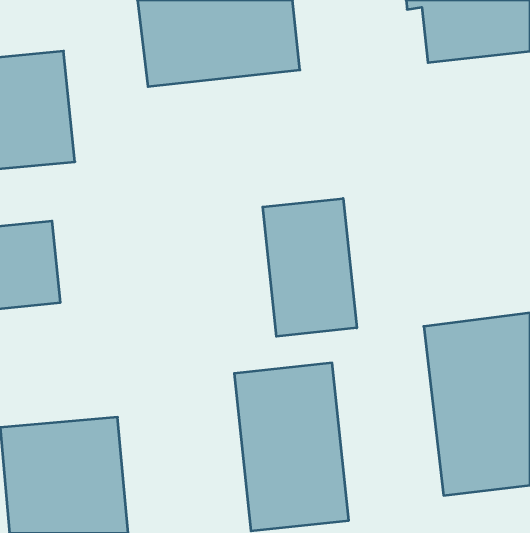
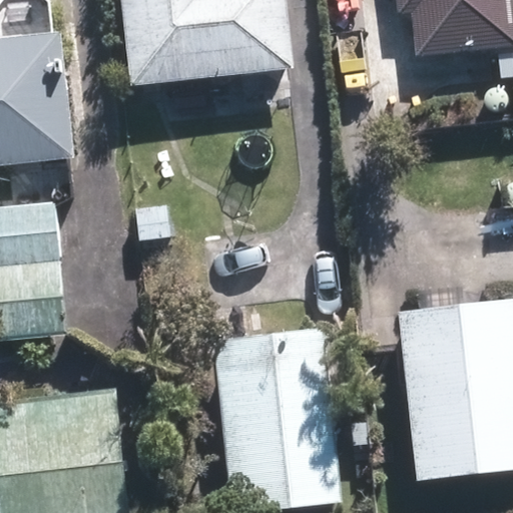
building: [263,198,357,336] -> none

